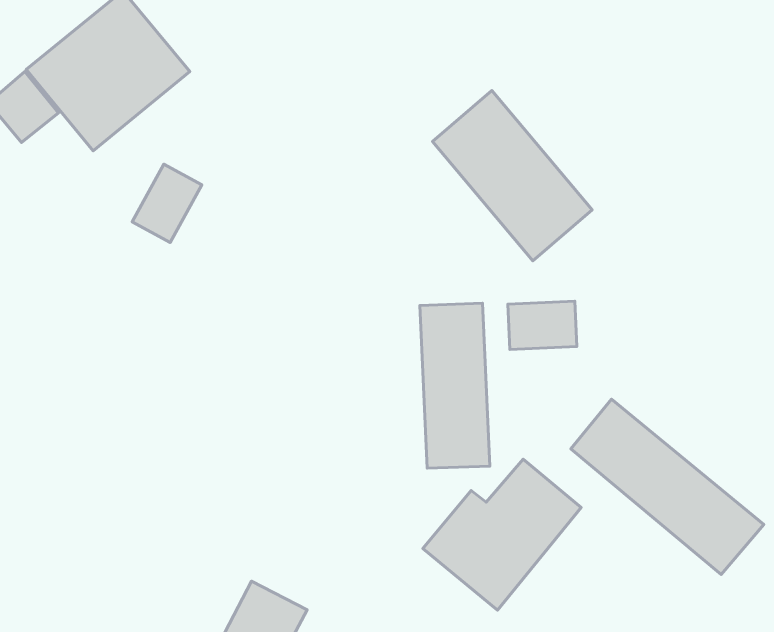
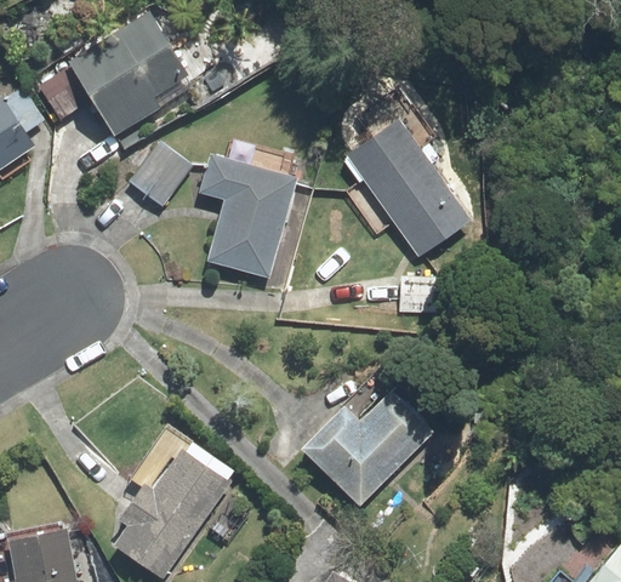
building: none -> [206,156,295,274]
building: [420,303,490,468] -> none
building: [571,399,764,574] -> none

